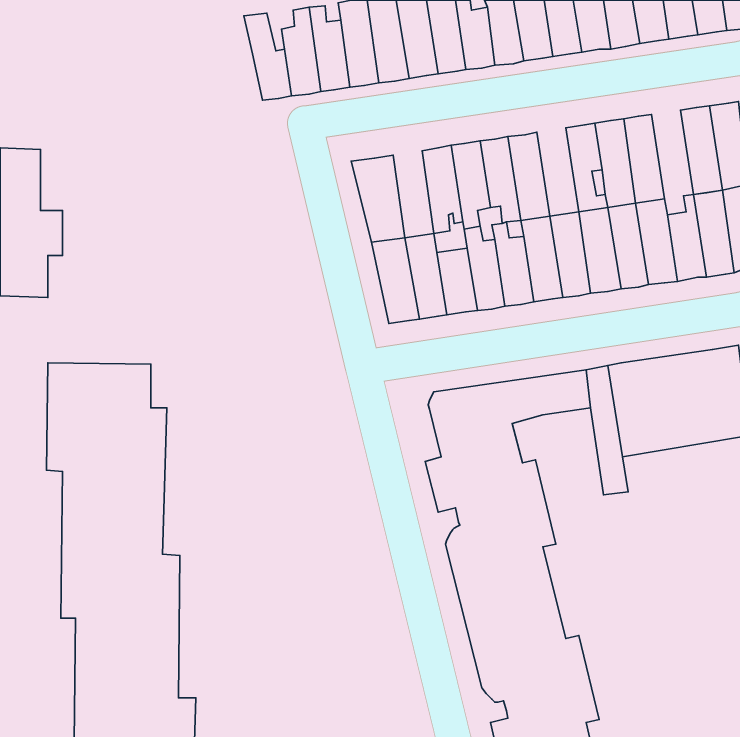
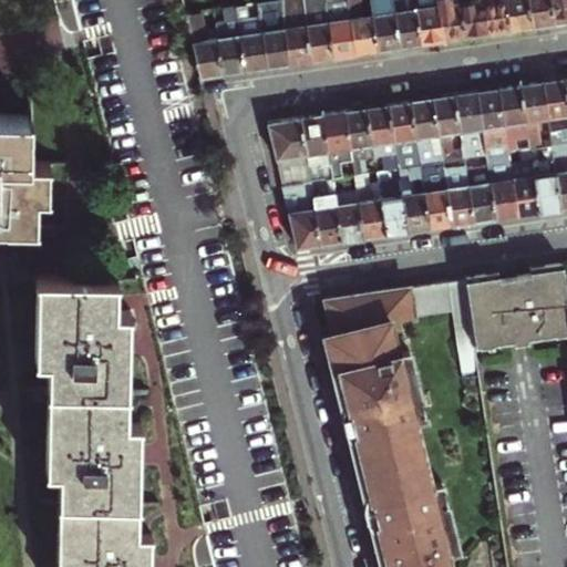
building: none -> [498,87,530,155]
building: none -> [411,101,443,168]
building: none -> [301,118,332,185]

